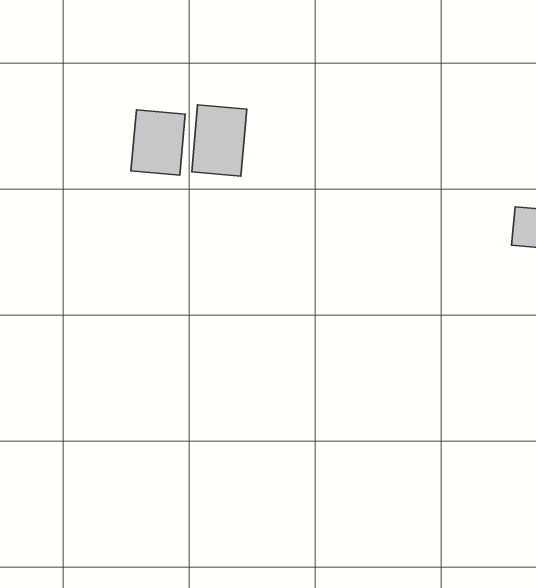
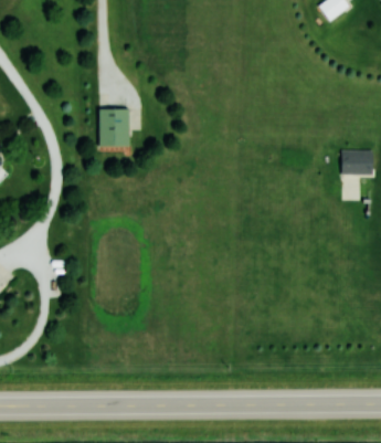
building: [192,105,247,176] -> none

